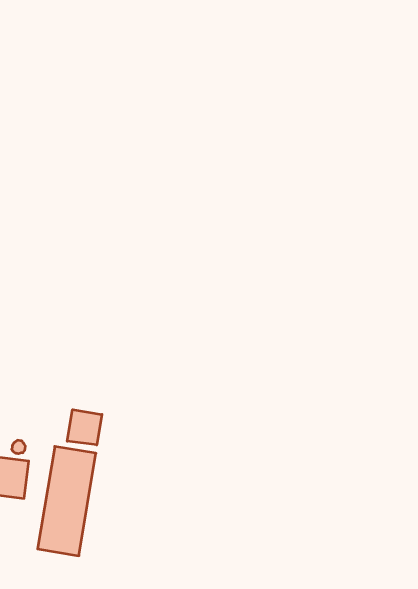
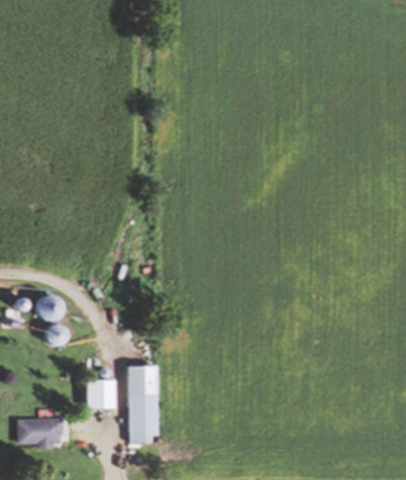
building: [67,410,102,445] -> none

